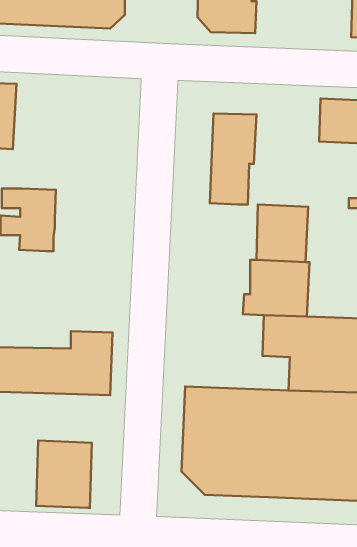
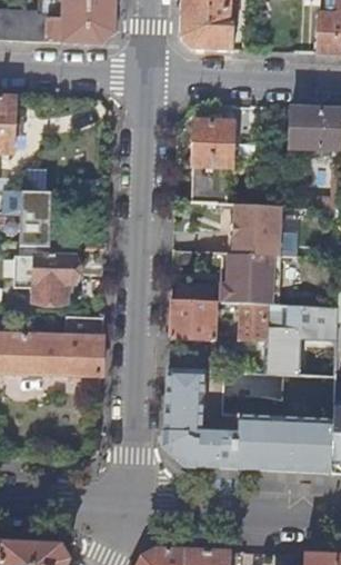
building: none -> [16,256,76,303]
building: none -> [169,301,222,340]
building: [36,440,92,508] -> none

